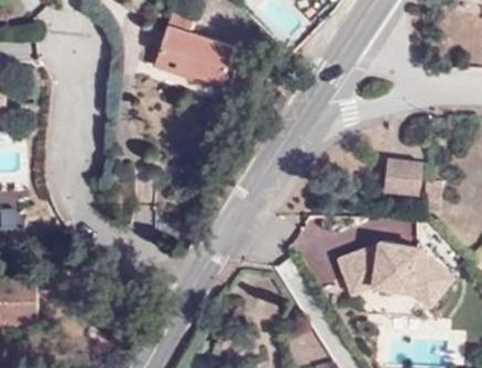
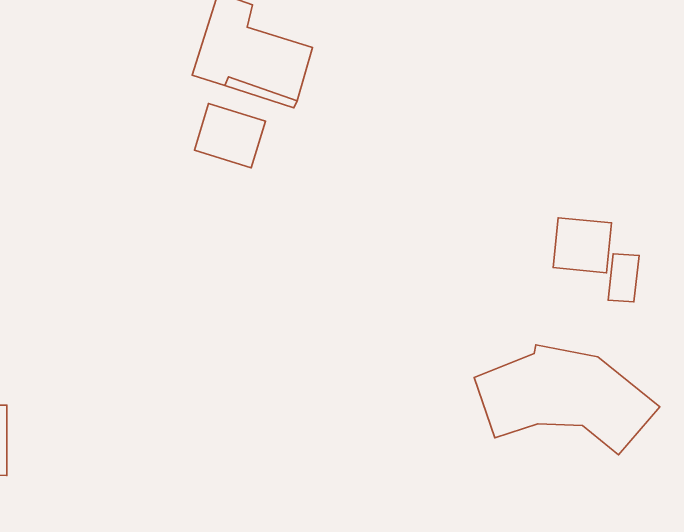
building: none -> [194,103,266,168]

